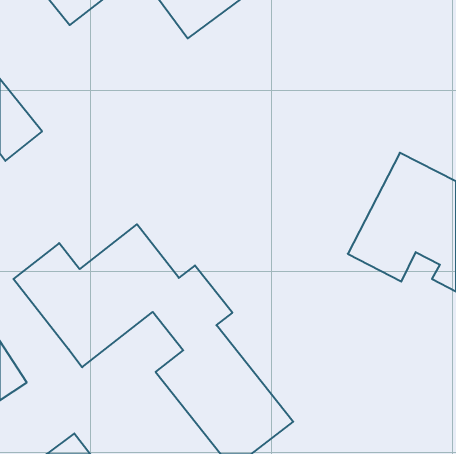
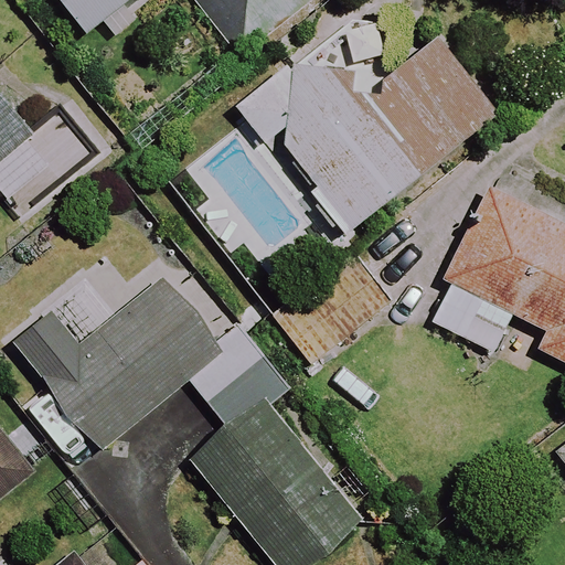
building: none -> [237,38,499,234]

